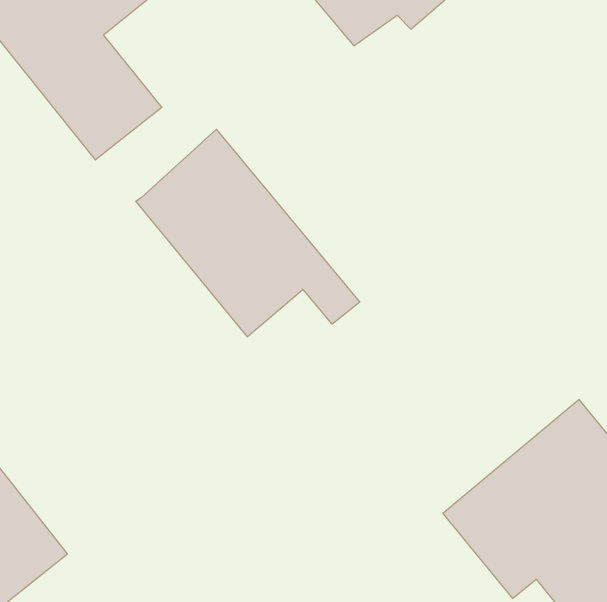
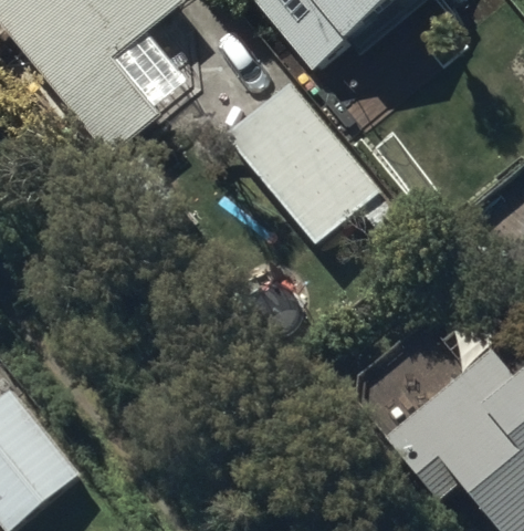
building: [136,129,360,337] -> [226,76,404,241]

